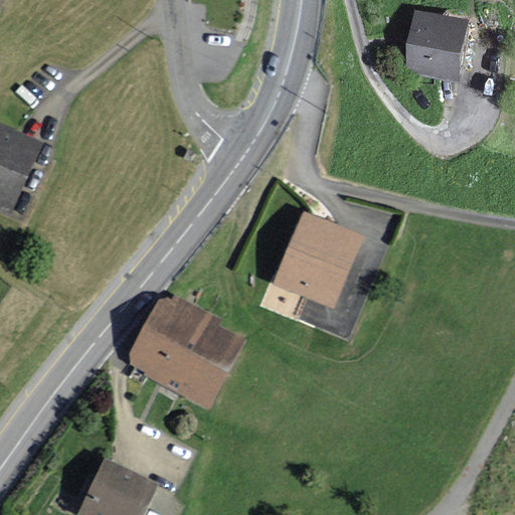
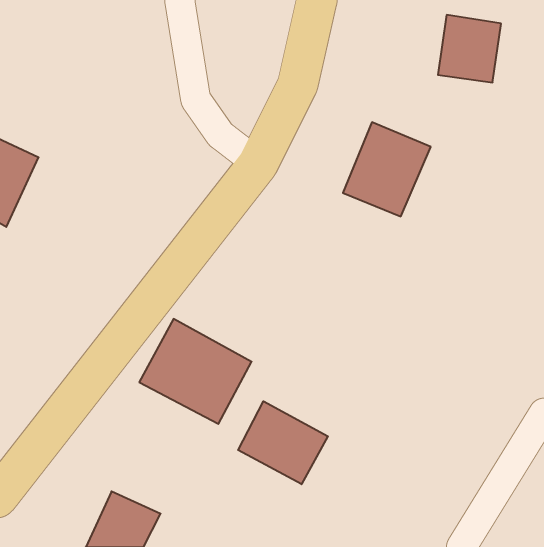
building: [275,214,357,303] -> [343,122,431,216]
building: none -> [238,401,328,484]

